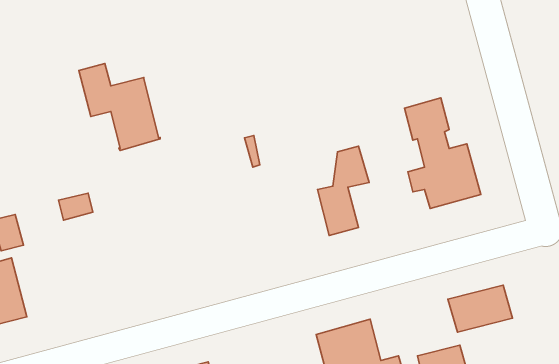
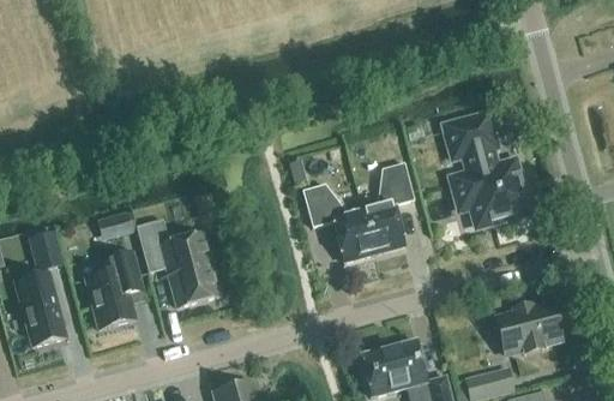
building: [79,63,160,151] -> [137,219,219,307]
building: none -> [302,185,374,263]
building: none -> [85,251,140,328]

